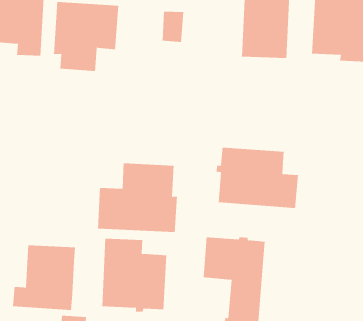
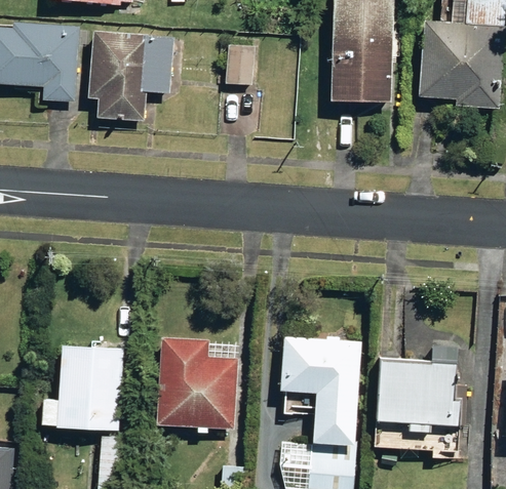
building: [216,147,298,209] -> none
building: [98,162,178,233] -> none
building: none -> [374,342,461,429]

